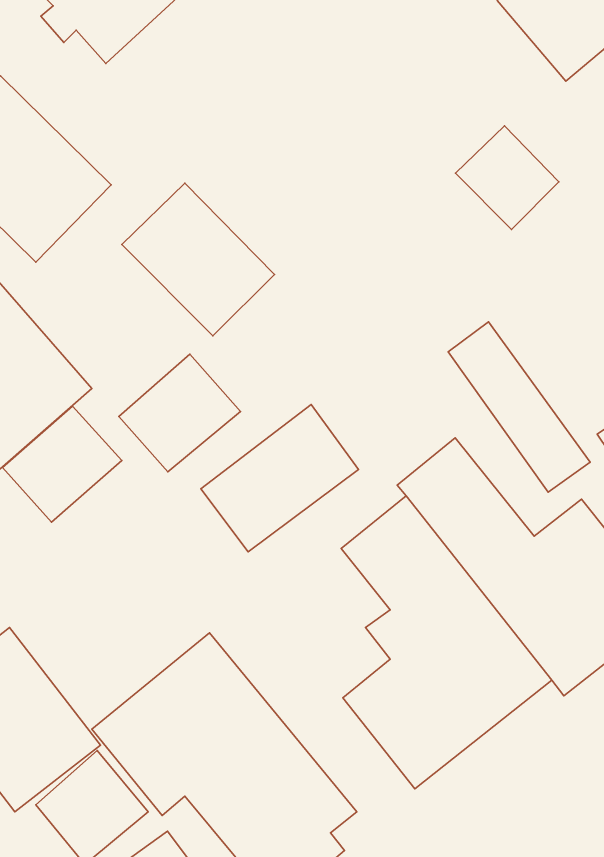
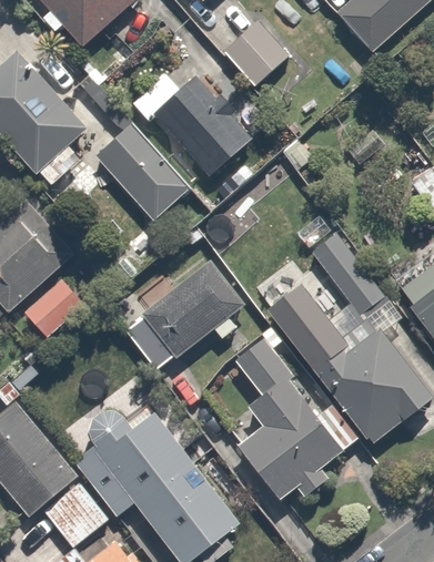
building: none -> [149,76,249,177]
building: [455,126,559,229] -> [226,22,292,88]
building: [119,354,240,472] -> none

